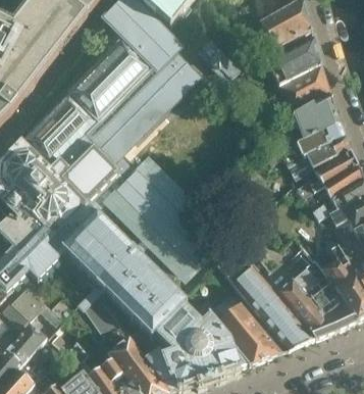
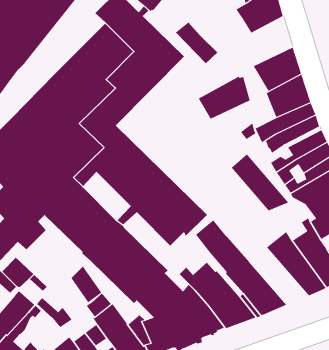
building: [263,35,319,82] -> [198,75,250,120]
building: [273,275,335,336] -> [231,153,289,211]

